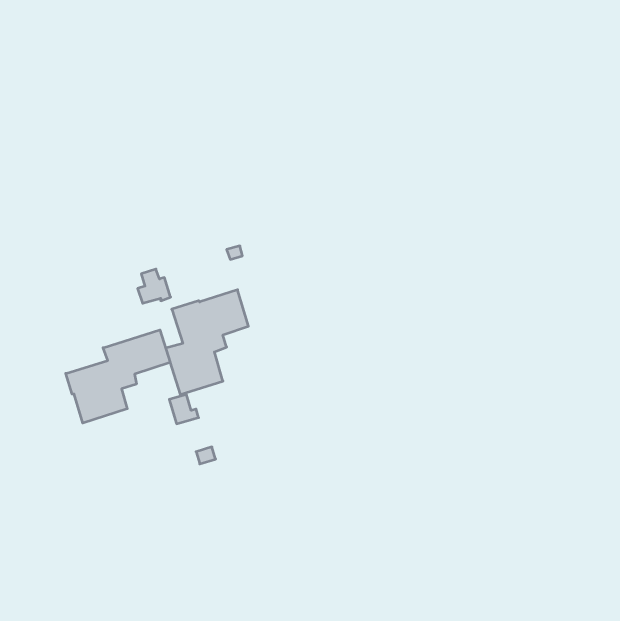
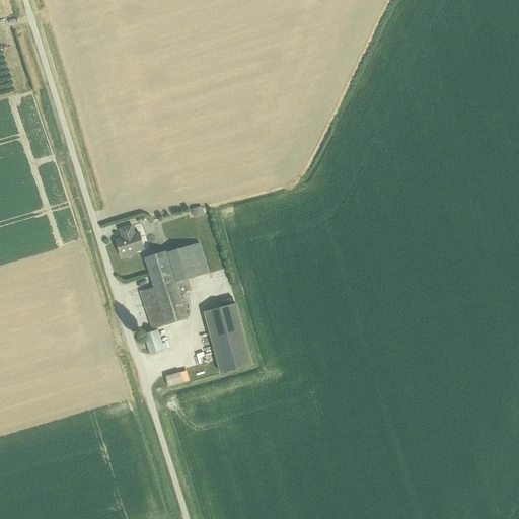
building: [66,330,170,423] -> none
building: none -> [203,302,252,371]

